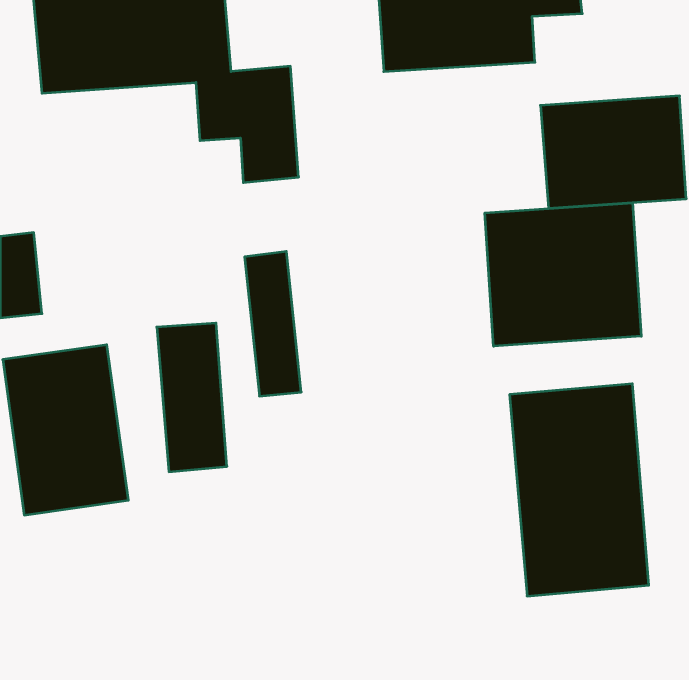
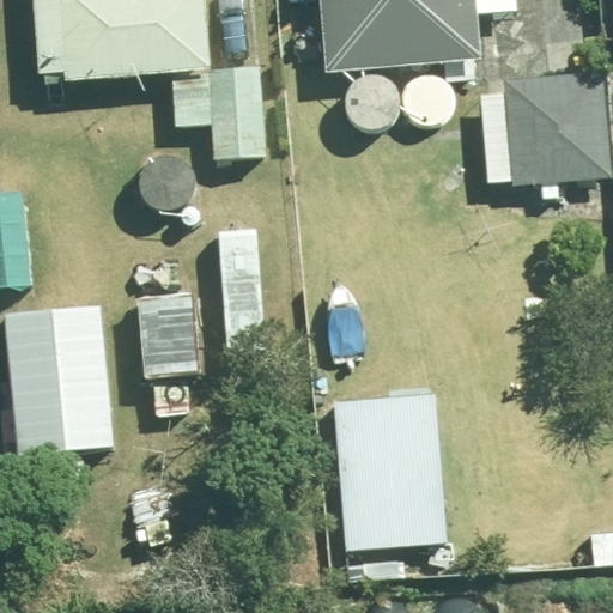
building: [485,203,641,346] -> none
building: [510,384,649,596] -> [324,392,448,579]

